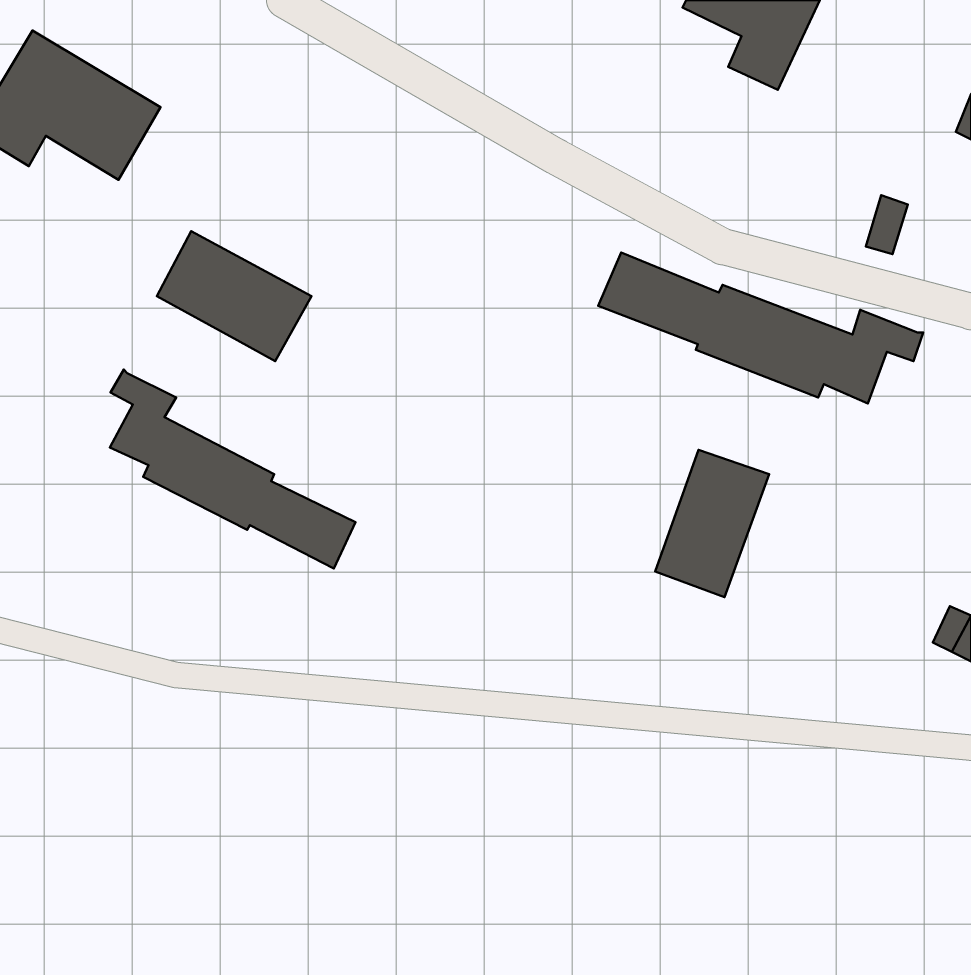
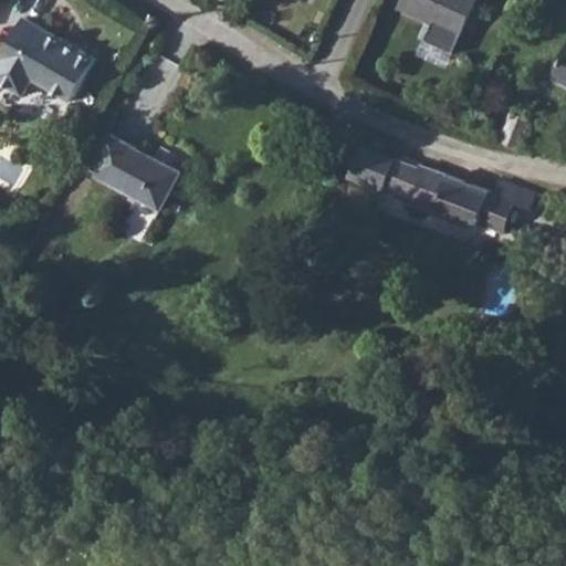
building: [110,369,355,569] -> none
building: [655,450,769,597] -> none

